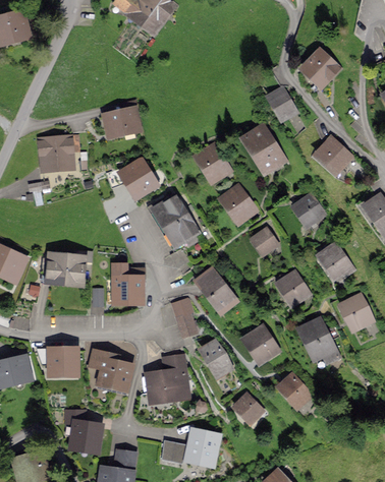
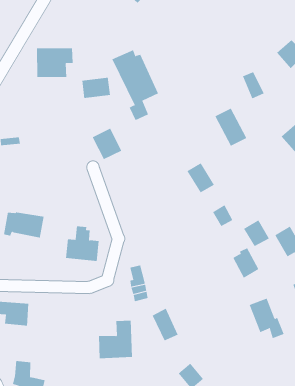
building: [40,134,79,168] -> [36,48,73,77]
building: [199,146,228,179] -> none
building: [147,194,199,267] -> [112,49,159,121]
building: [294,195,323,224] -> [243,219,270,247]
building: [199,270,234,310] -> none
building: [246,329,275,359] -> none
building: [90,350,134,390] -> none
building: [281,373,310,405] -> none

